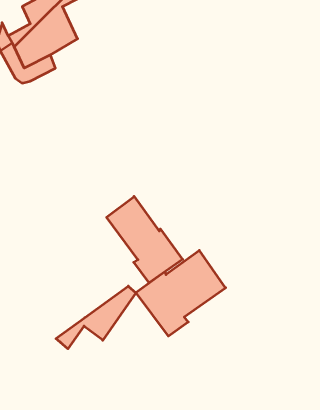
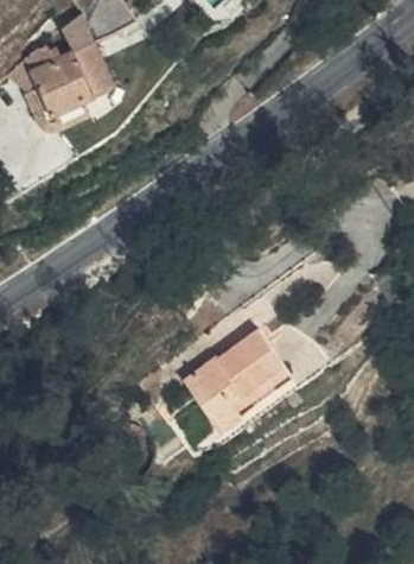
building: [107,196,183,283] -> none
building: [56,286,136,349] -> none

